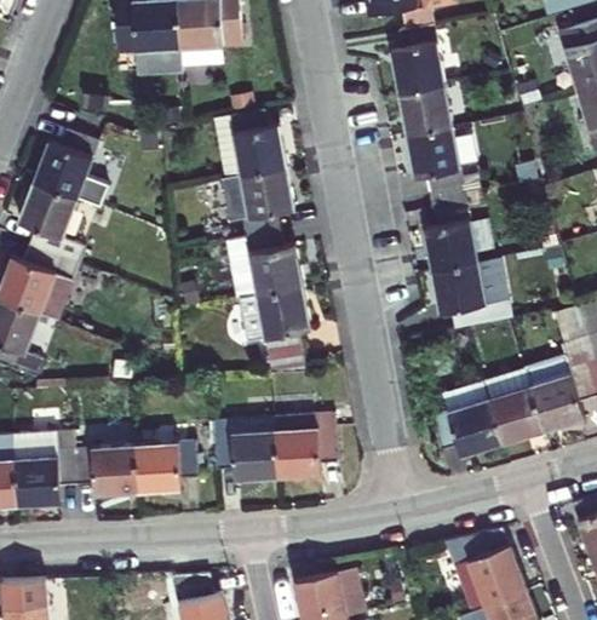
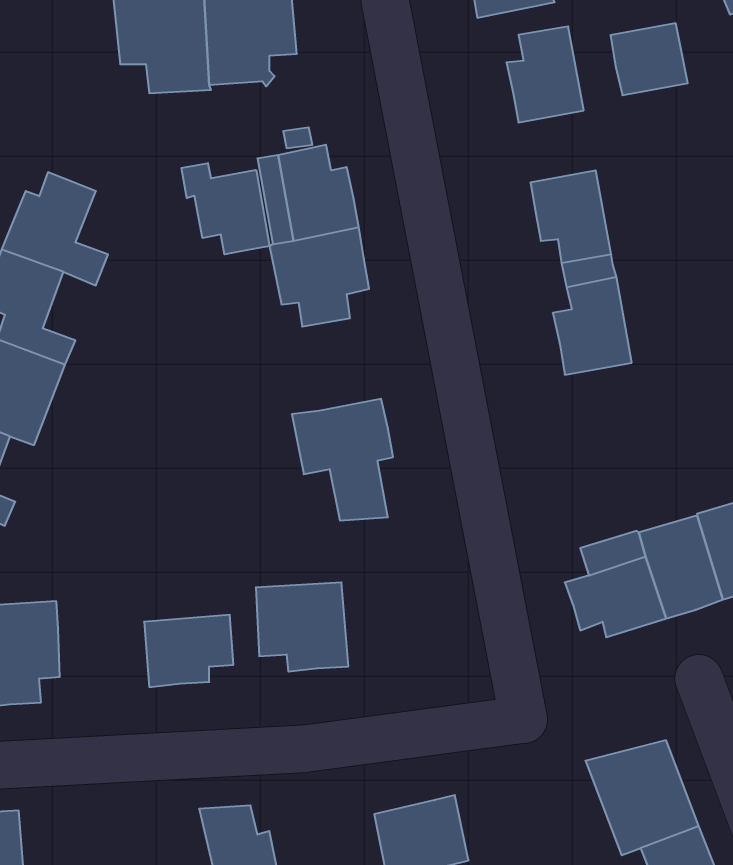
building: [398,85,453,136] -> [610,23,688,95]
building: none -> [181,163,269,254]
building: [228,231,302,299] -> none
building: [431,258,512,328] -> none
building: [274,413,338,477] -> none
building: [74,446,138,494] -> none

